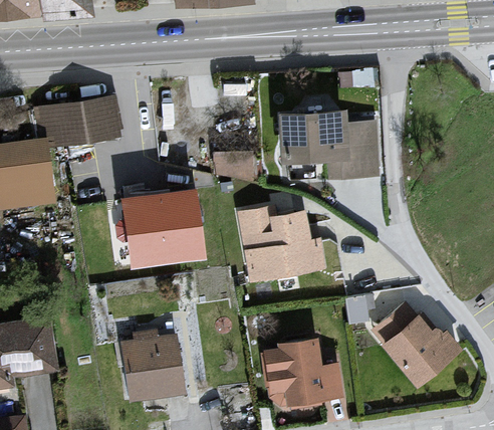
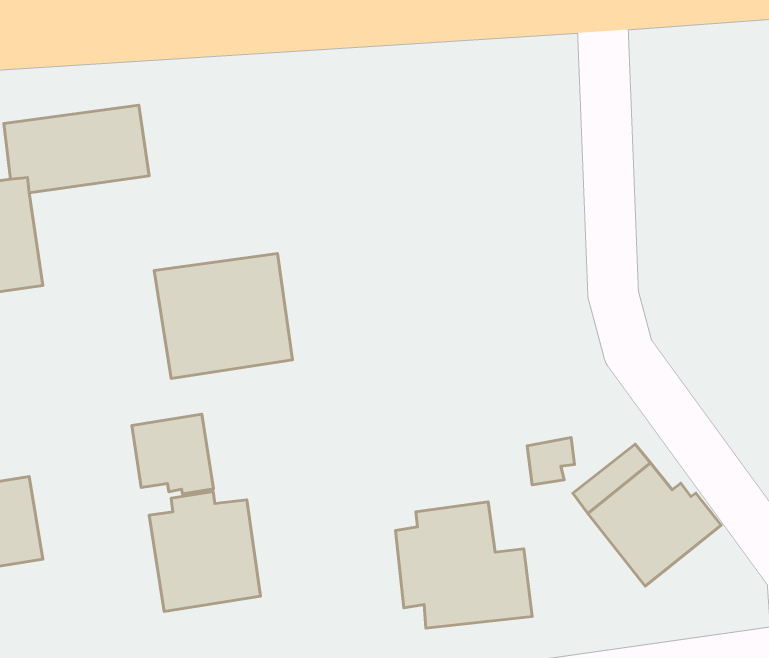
building: [277,111,378,180] -> none
building: [237,206,324,282] -> none
building: none -> [132,414,214,494]

